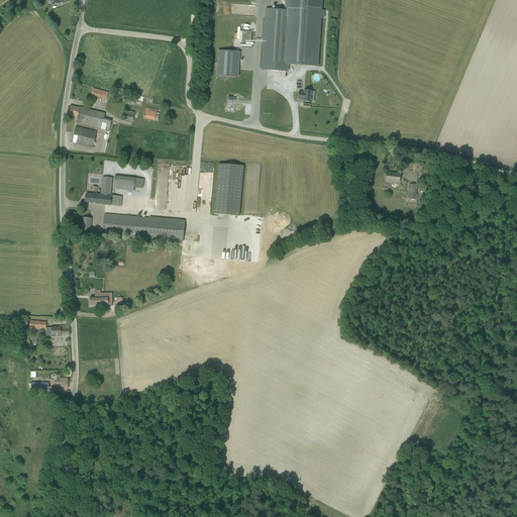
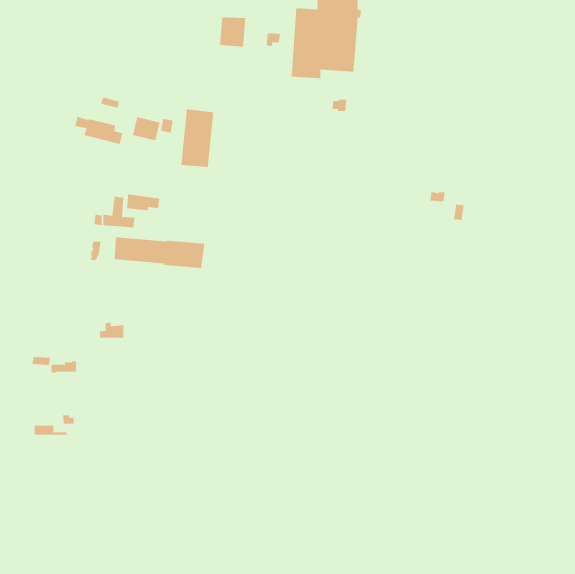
building: [215,48,239,76] -> [219,17,246,47]
building: [71,124,96,146] -> [132,116,160,141]
building: [213,163,243,215] -> [180,109,214,167]

